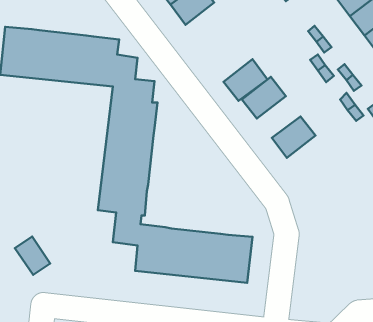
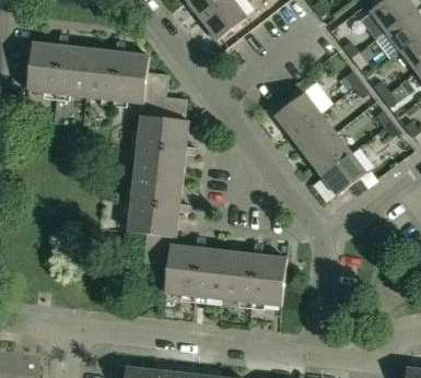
building: [224,59,267,101] -> [290,113,335,155]
building: none -> [320,153,365,196]
building: [15,236,50,275] -> none

